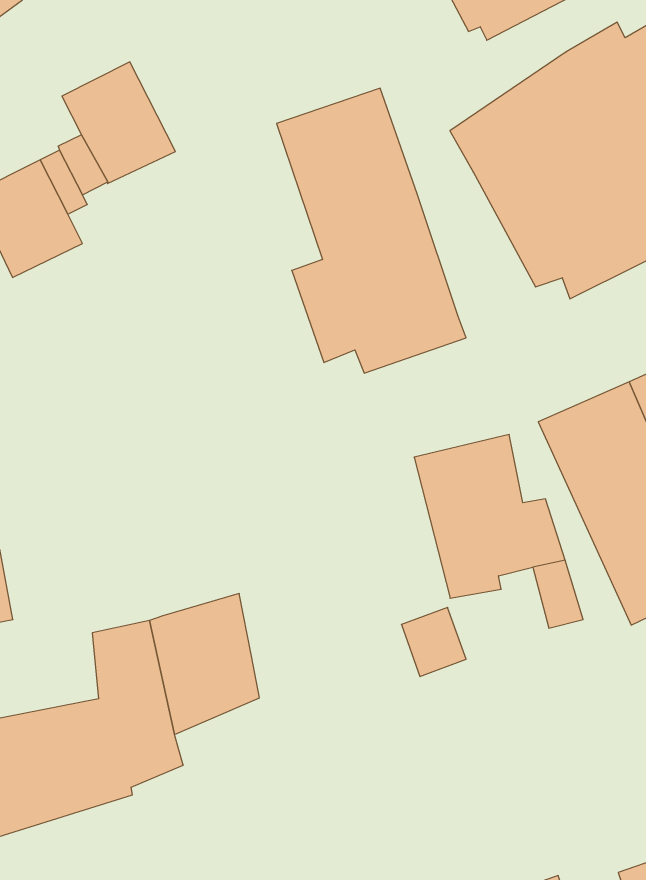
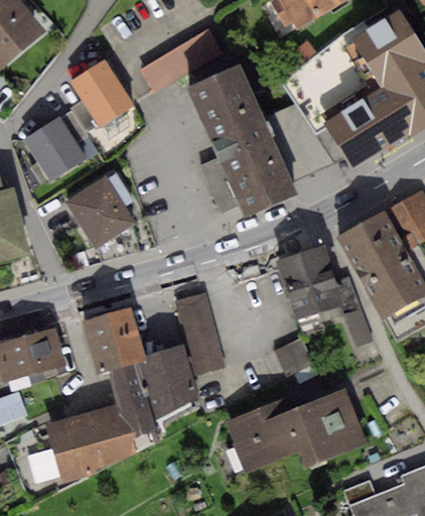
building: none -> [140,28,223,93]
building: none -> [265,104,332,182]
building: none -> [63,175,134,247]
building: none -> [174,292,226,374]
building: none -> [84,307,145,372]
building: none -> [227,385,368,470]

